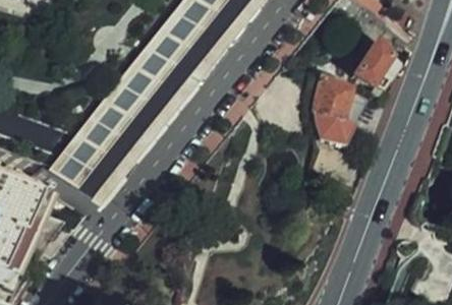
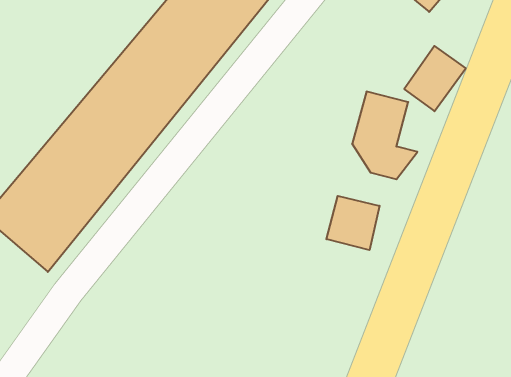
building: none -> [326,196,380,250]

